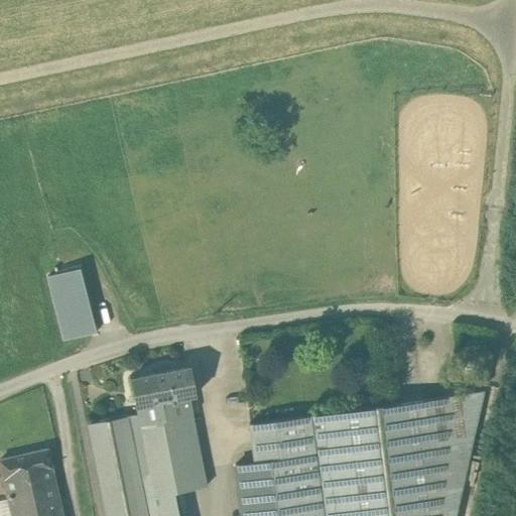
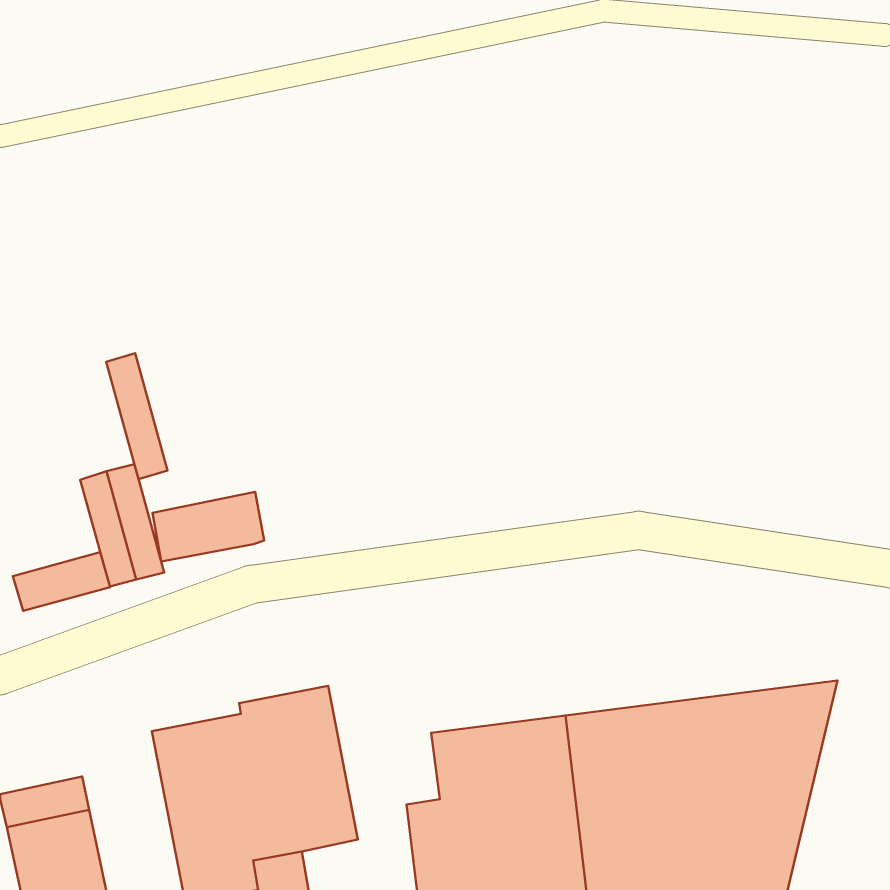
building: none -> [106,353,167,479]
building: none -> [13,552,110,611]
building: [132,367,197,407] -> [152,492,264,562]

